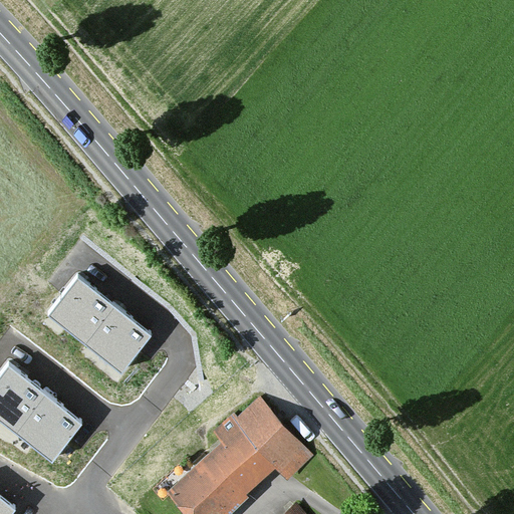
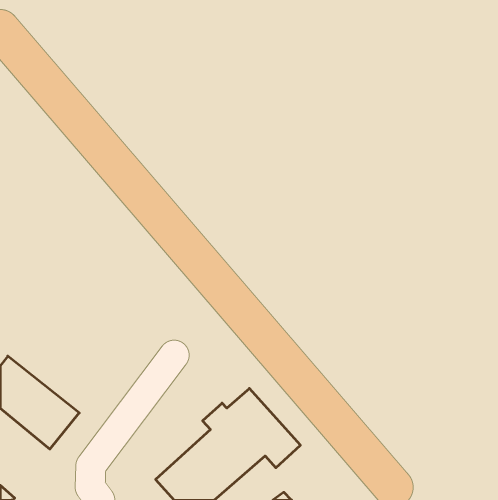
building: [51,279,154,373] -> none

